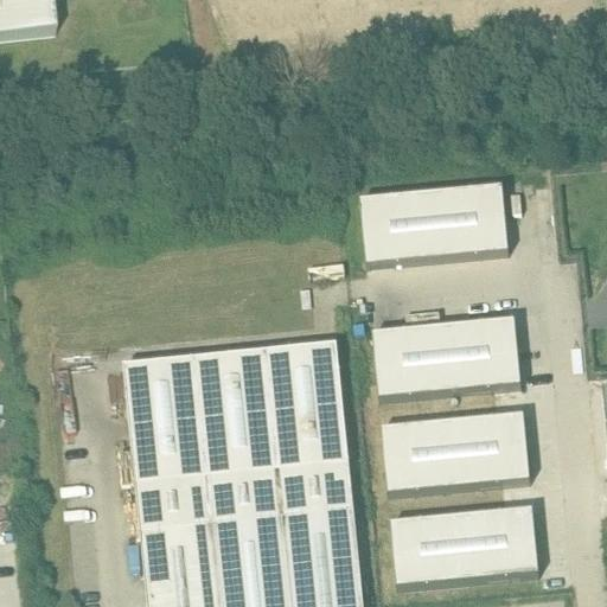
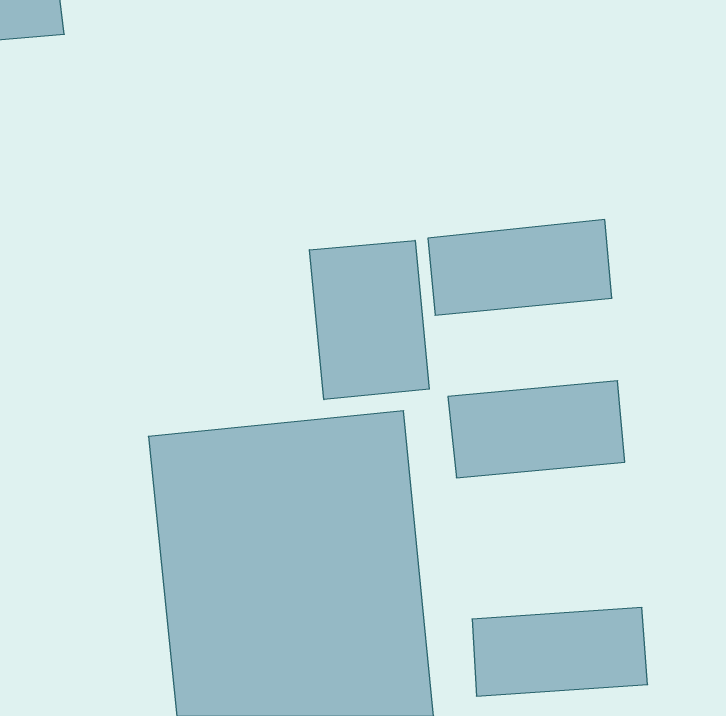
building: none -> [309,240,429,400]
building: [381,411,530,491] -> none

